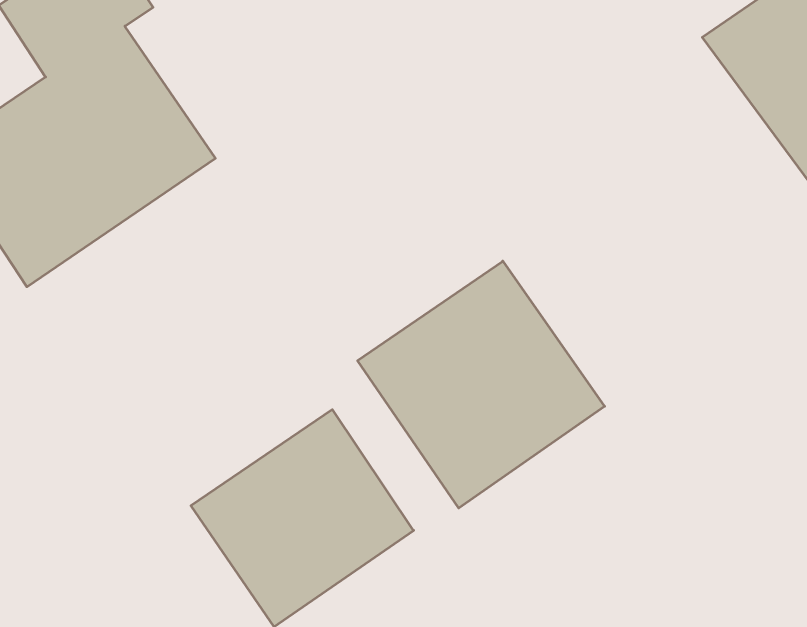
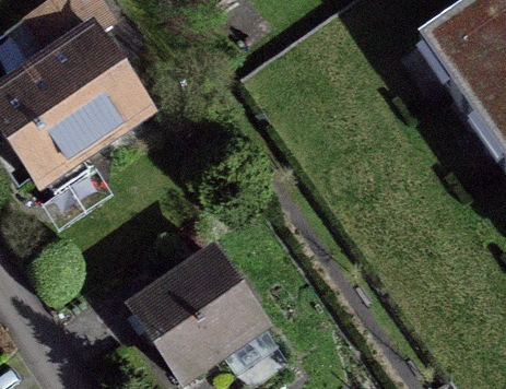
building: [358,261,605,508] -> none

